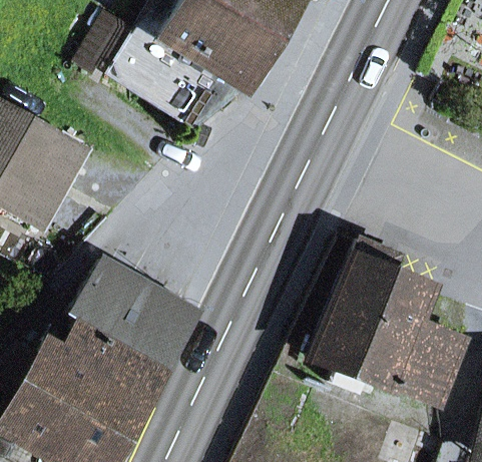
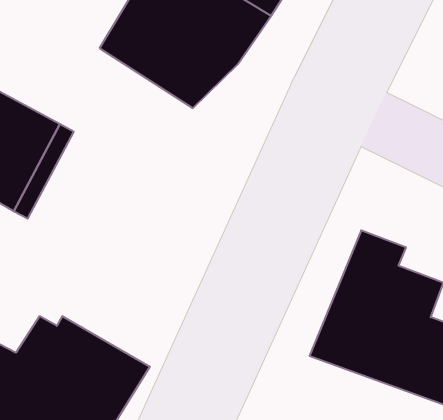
building: [73,258,195,368] -> none

